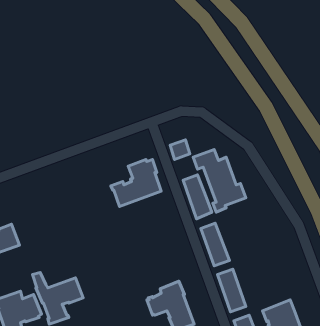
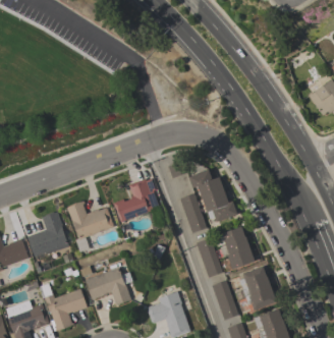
building: none -> [67,201,114,239]
building: none -> [27,212,69,257]
building: none -> [220,226,256,269]
building: none -> [239,266,277,311]
building: none -> [85,267,130,304]

